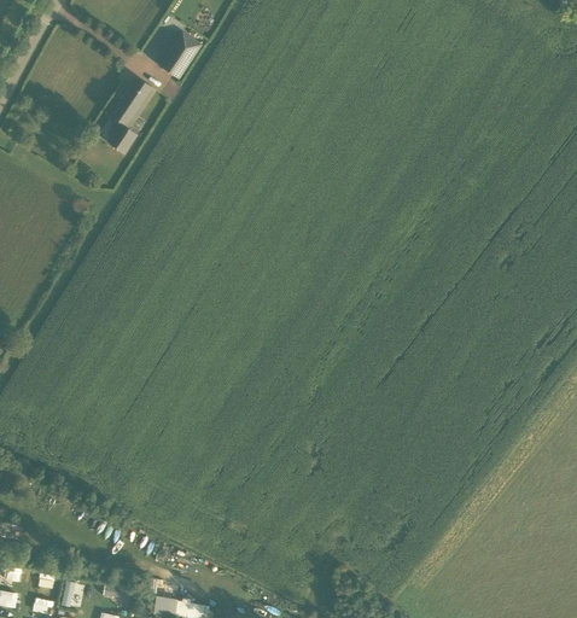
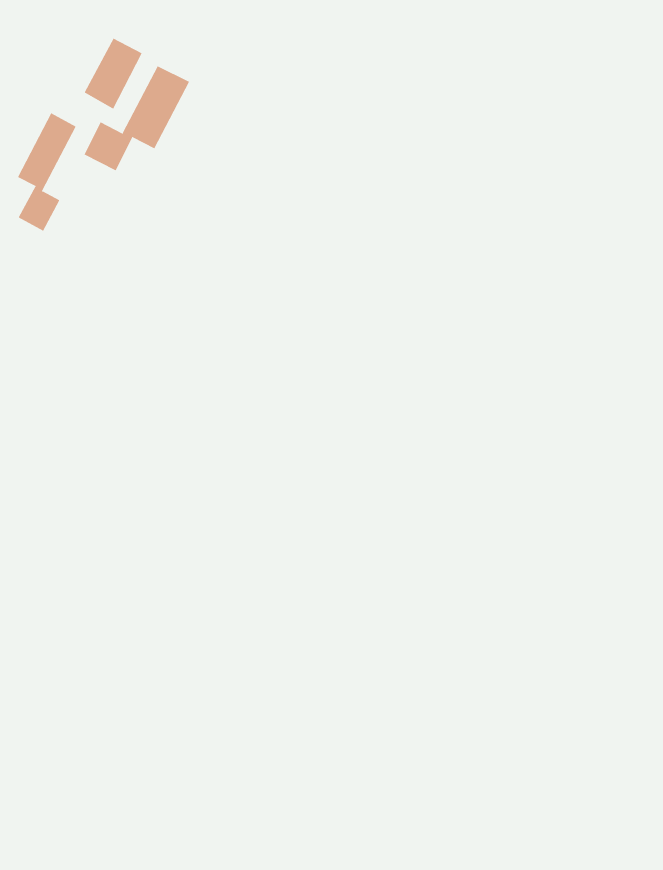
building: none -> [84,65,190,171]

